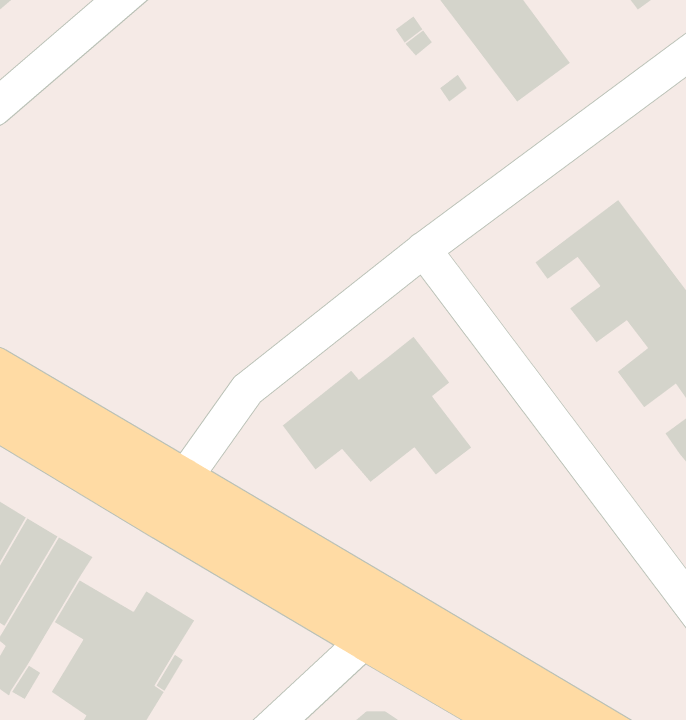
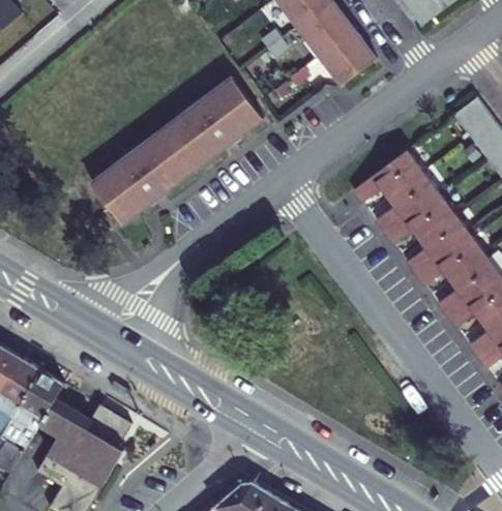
building: none -> [91,77,262,223]
building: [282,336,472,483] -> none

